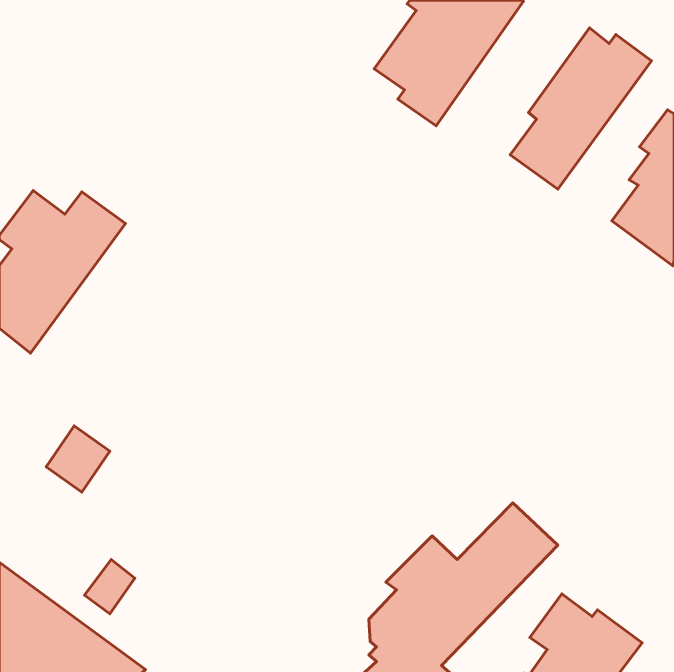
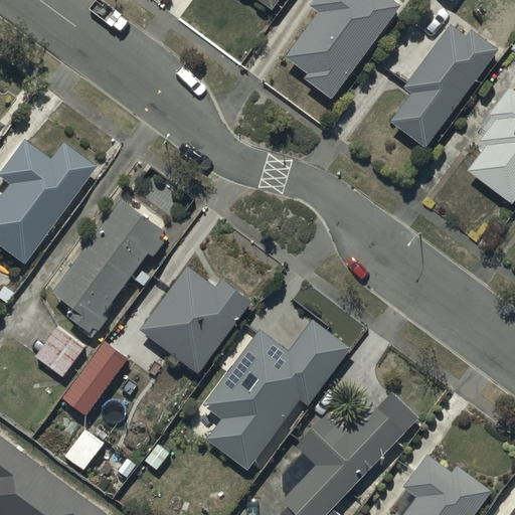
building: none -> [53,197,164,339]
building: none -> [139,266,250,373]
building: none -> [203,320,350,469]
building: none -> [62,342,127,414]

